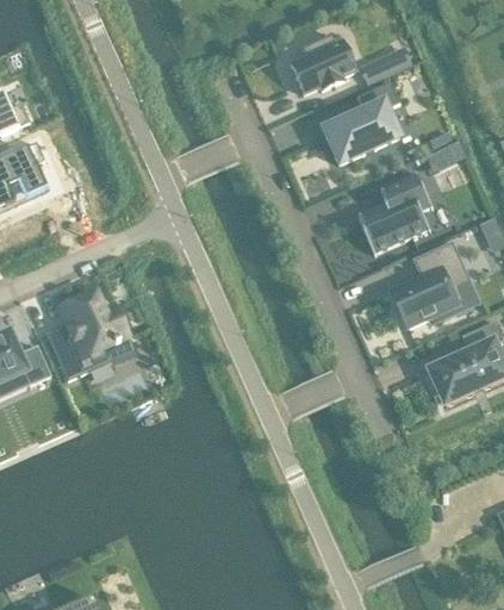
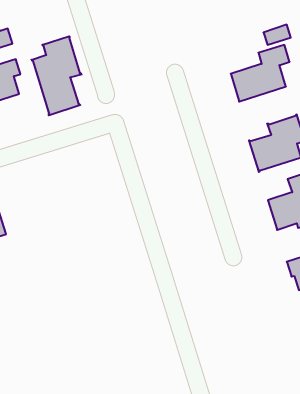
building: [288,33,354,93] -> none
building: none -> [31,36,82,115]
building: [45,291,127,379] -> none

